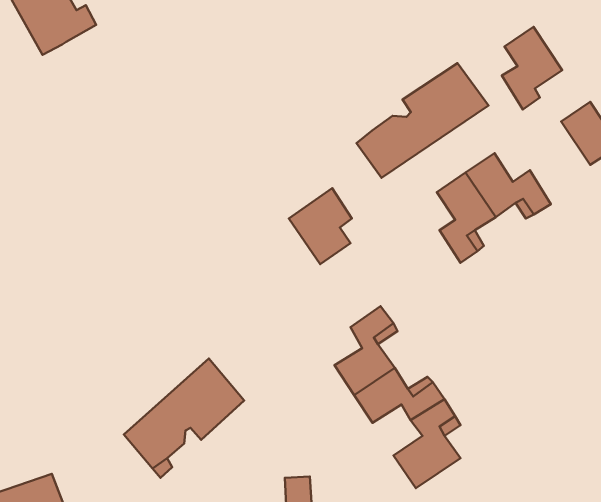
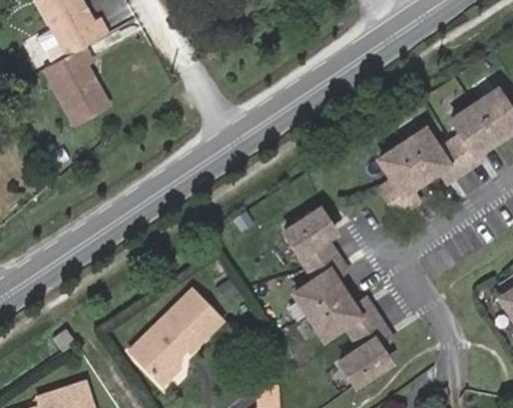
building: [502,27,562,109] -> [444,108,490,171]
building: none -> [47,49,114,127]
building: [356,63,488,178] -> none
building: [289,188,352,264] -> [283,208,331,266]

